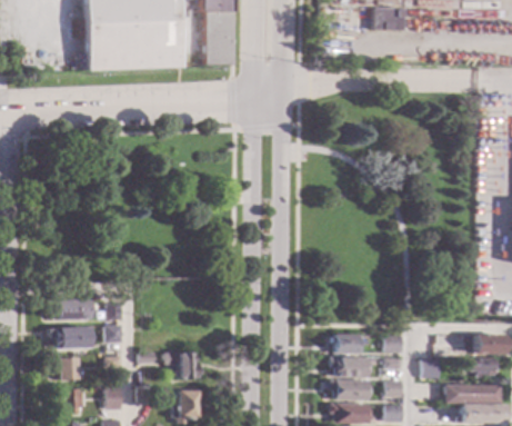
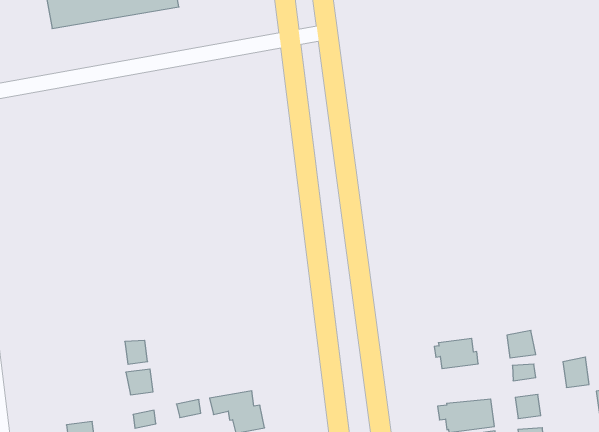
building: [54,297,92,319] -> none
building: [52,326,93,347] -> none
building: [330,355,370,377] -> none

